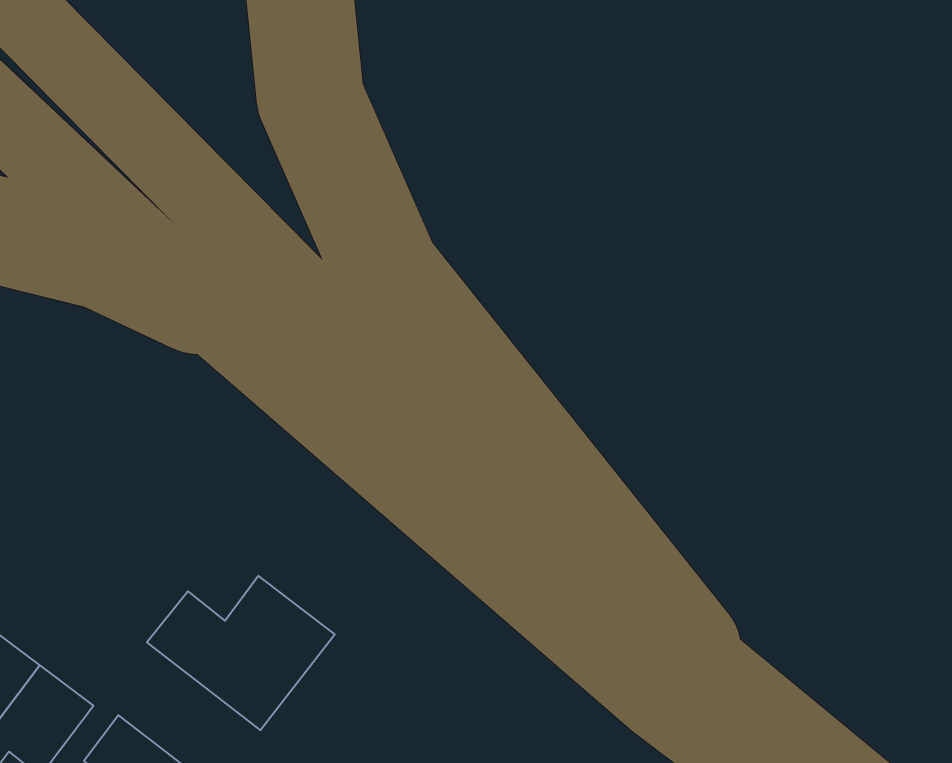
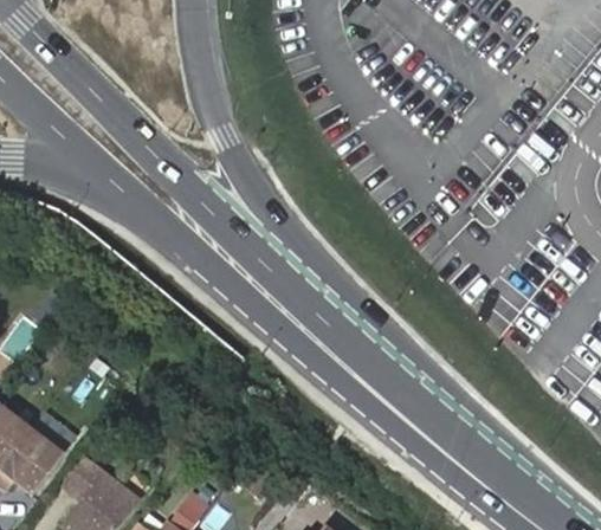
building: [147,576,335,730] -> none

